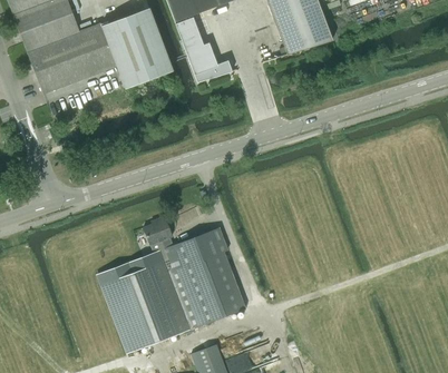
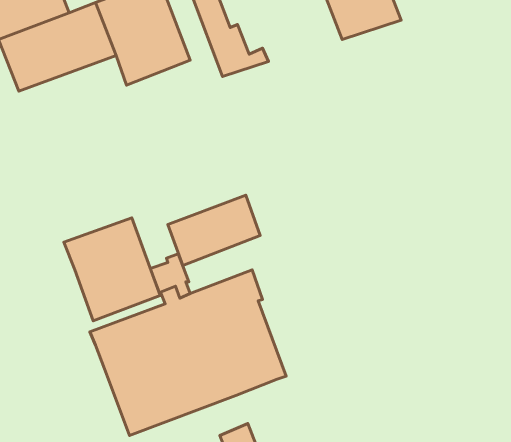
building: none -> [168,195,260,266]
building: none -> [64,218,160,321]

